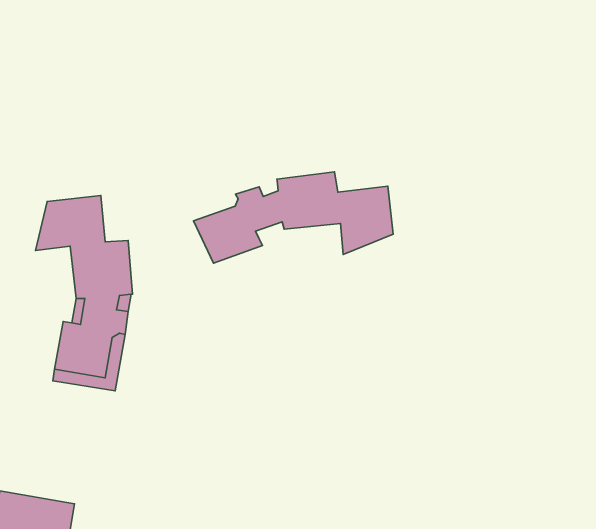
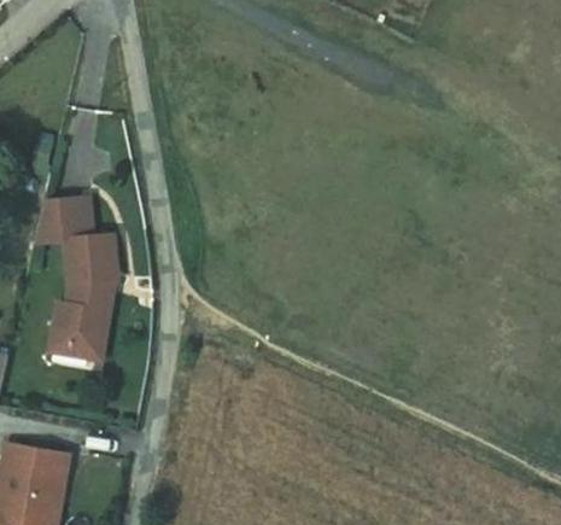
building: [194,172,393,263] -> none

